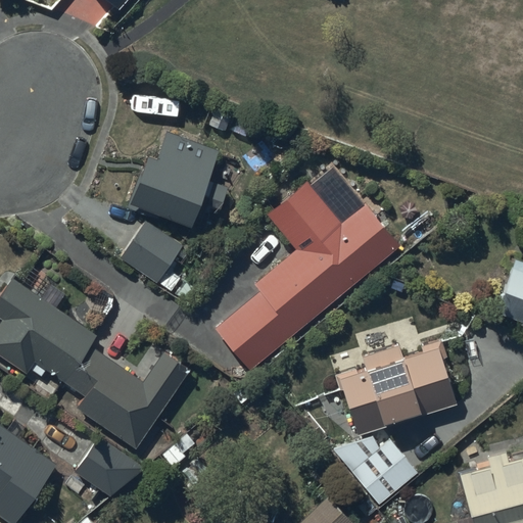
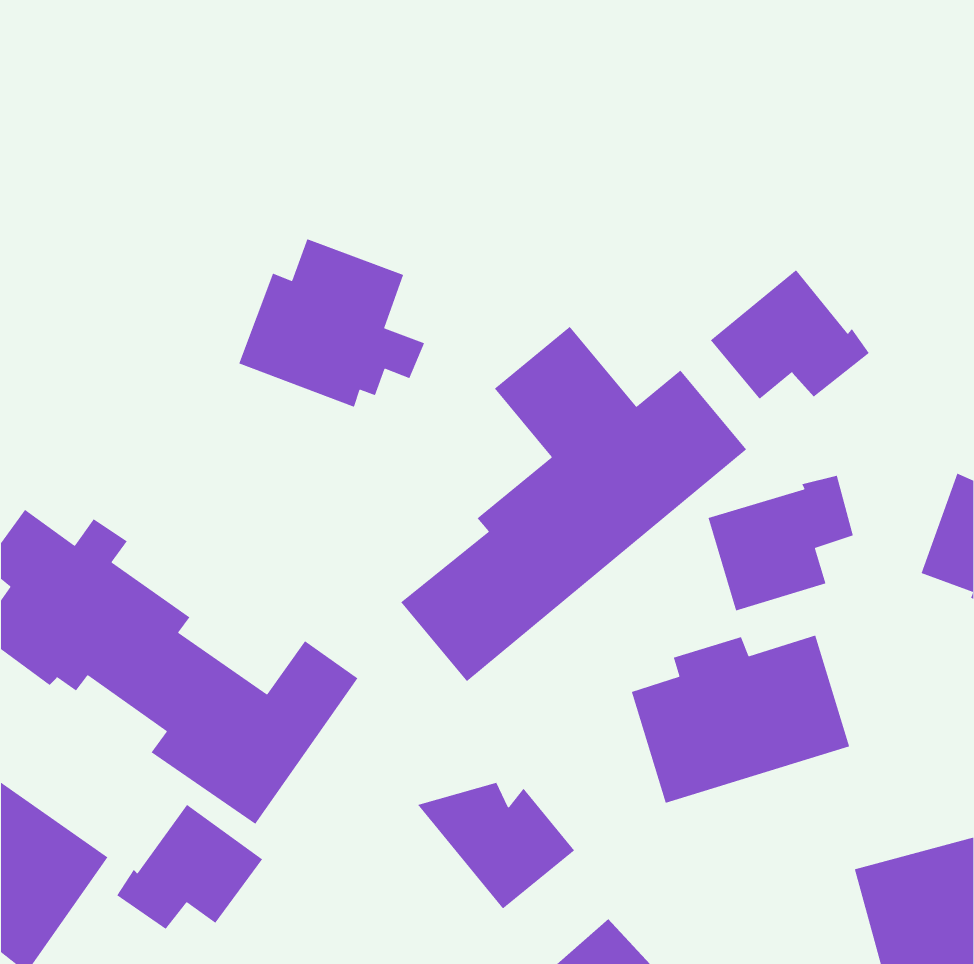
building: none -> [710,269,870,400]
building: [120,222,182,293] -> none
building: none -> [708,475,854,612]
building: [332,436,417,505] -> [417,782,575,909]

